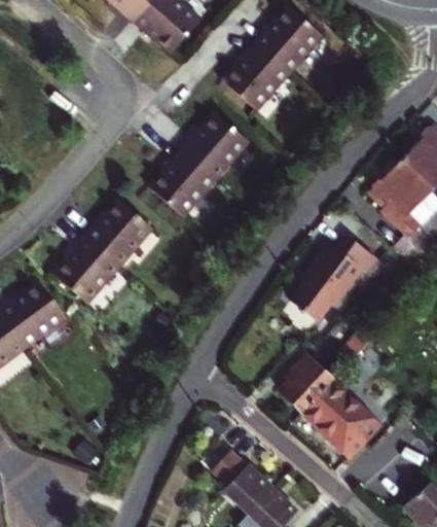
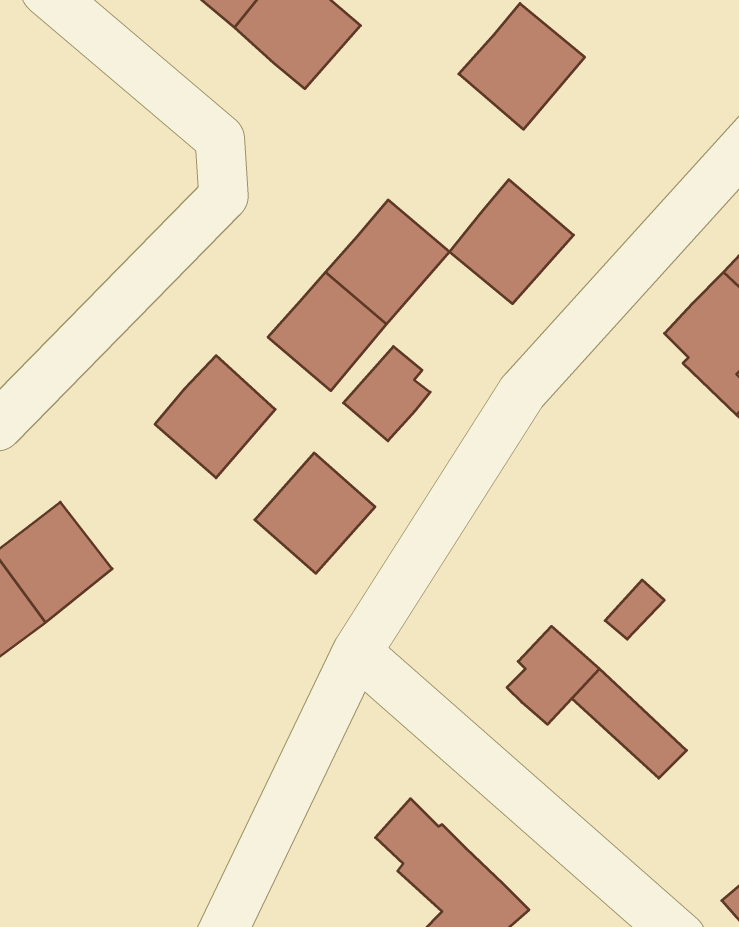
building: [222,45,291,114] -> [449,180,574,304]
building: none -> [343,346,430,441]
building: [293,230,378,316] -> none
building: [53,240,120,307] -> [255,453,375,573]
building: [304,392,366,452] -> none

